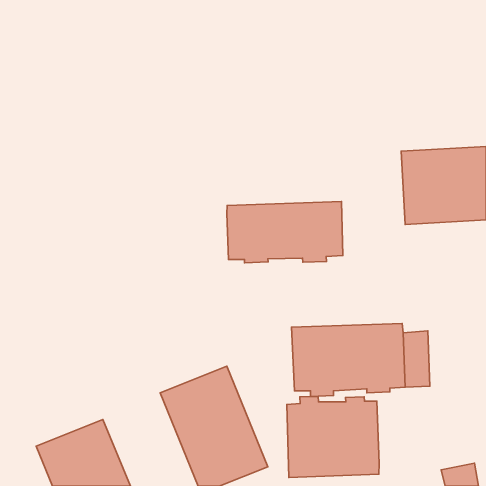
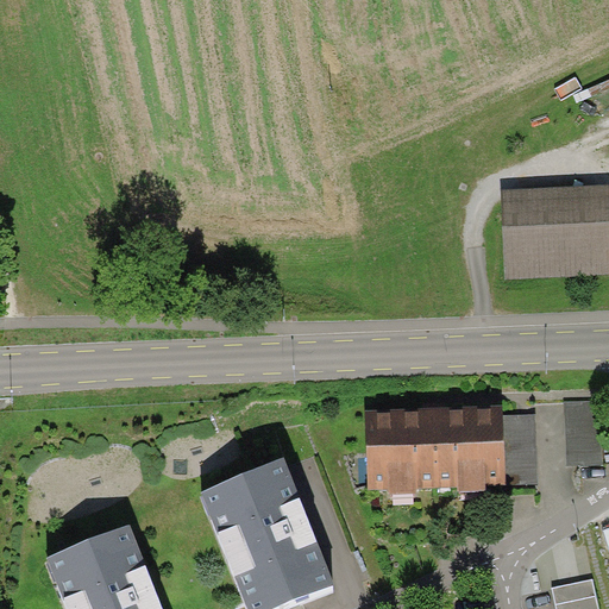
building: [227,201,343,263] -> none
building: none -> [563,400,602,466]
building: [287,396,379,478] -> none

